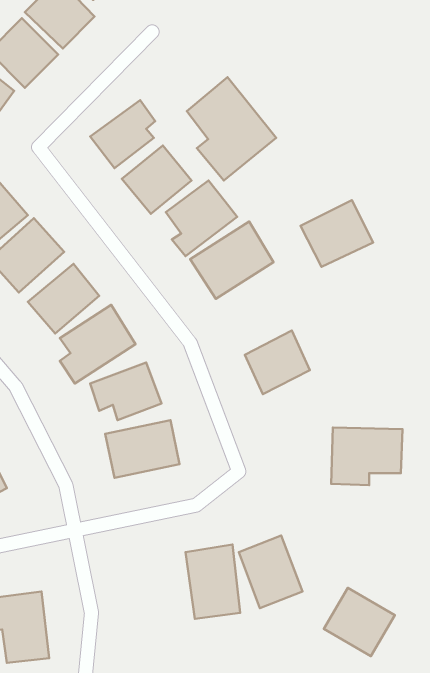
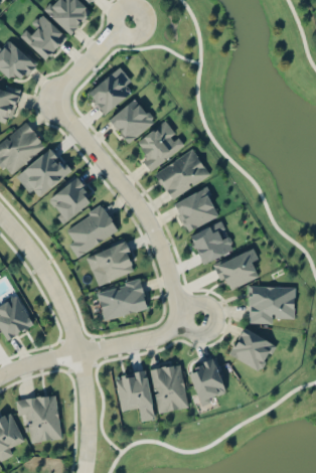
building: [187,77,276,181] -> none
building: [300,200,373,267] -> [173,187,221,231]
building: none -> [213,249,259,291]
building: none -> [116,372,155,423]
building: [324,588,395,656] -> [228,327,276,372]

